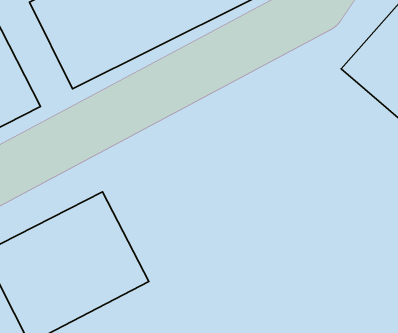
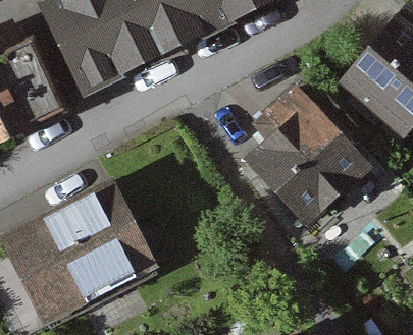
building: none -> [257,86,377,232]

